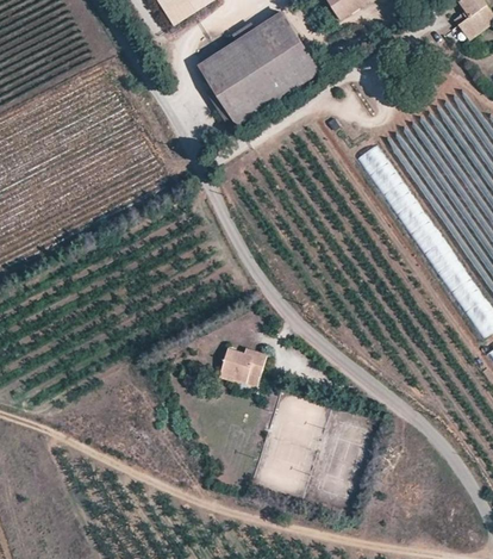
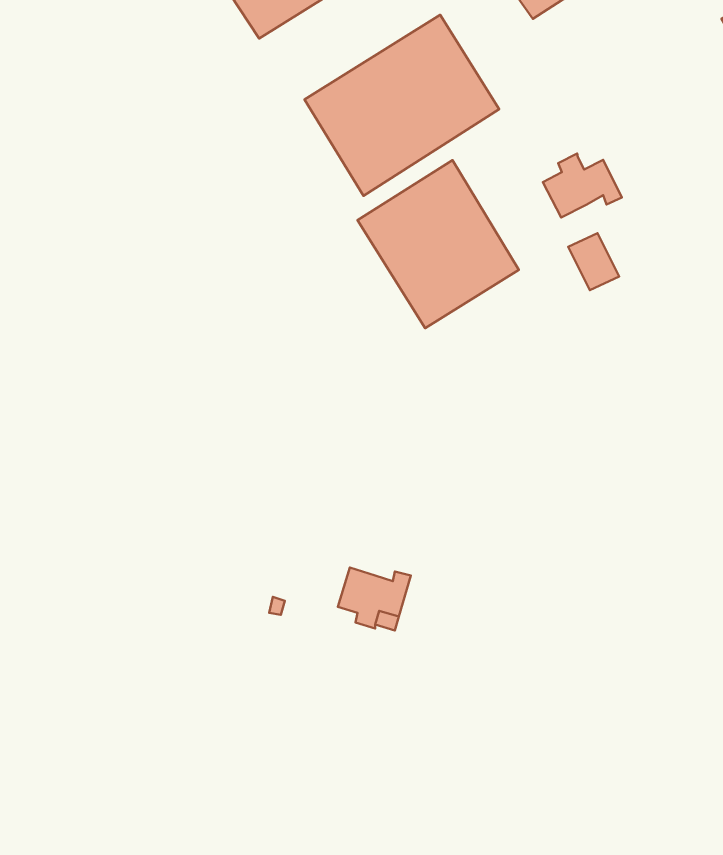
building: none -> [543,153,622,218]
building: none -> [358,160,519,328]

